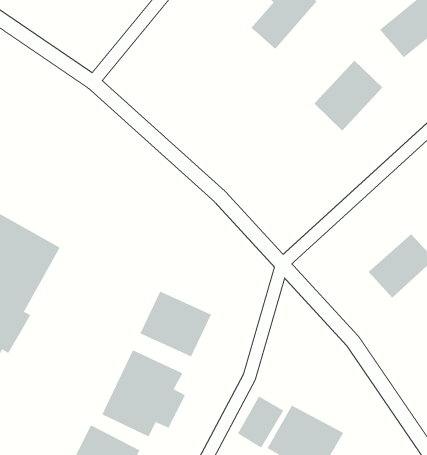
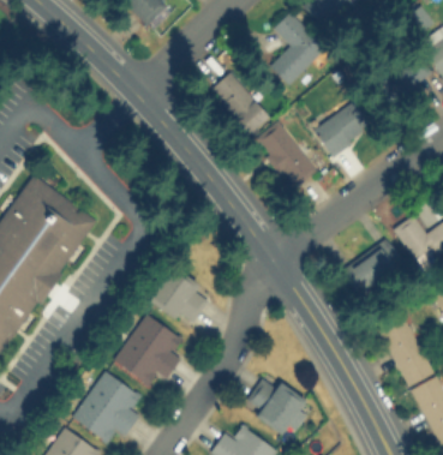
building: none -> [209,71,270,134]
building: none -> [256,121,317,188]
building: [237,395,284,449] -> none

